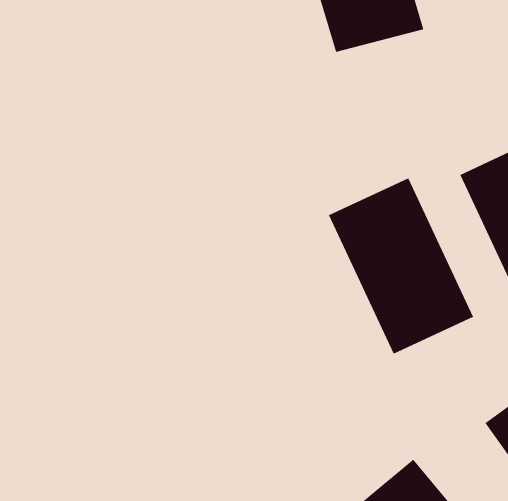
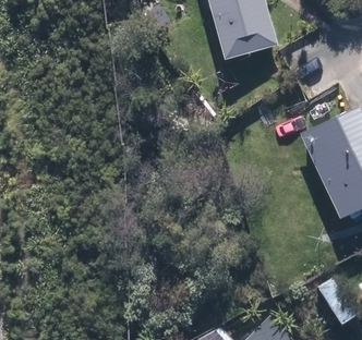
building: [328,178,474,355] -> none

